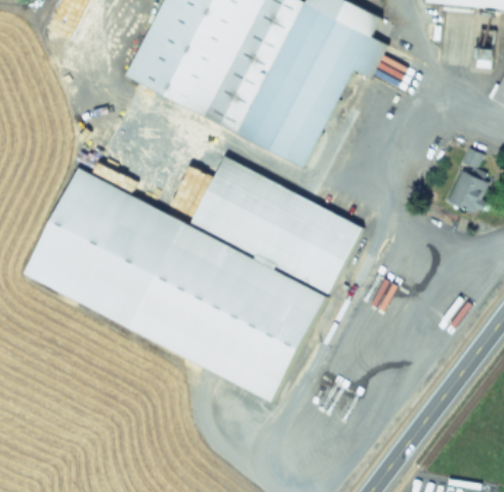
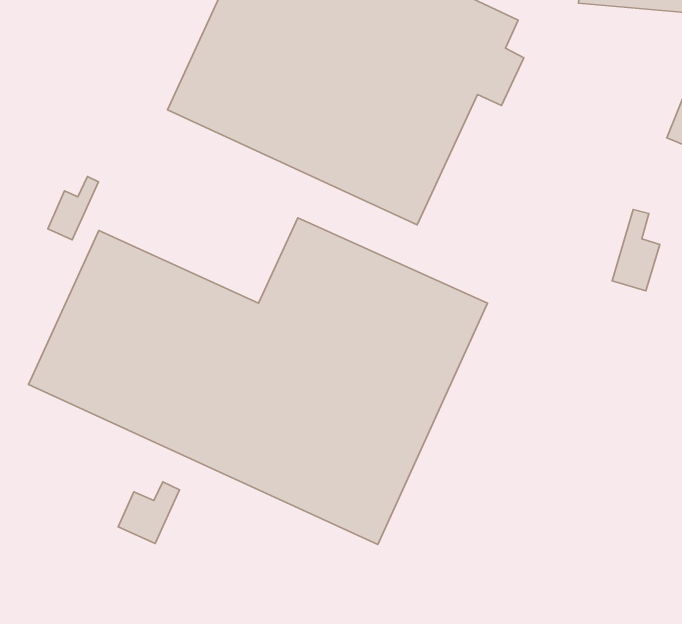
building: none -> [48,176,99,240]
building: none -> [118,482,179,544]

